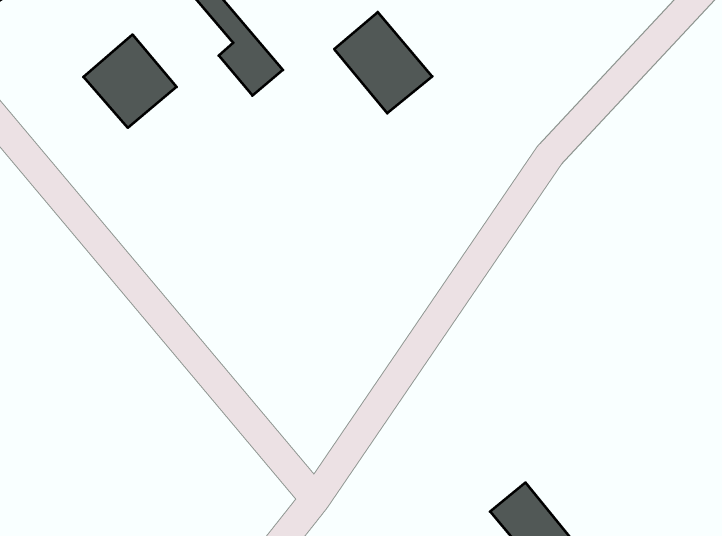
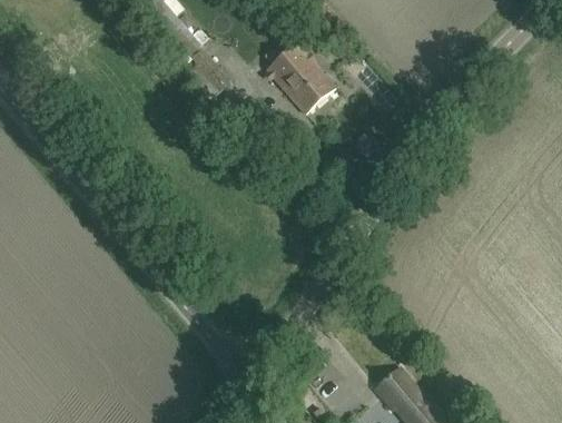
building: [83,35,177,128] -> none

